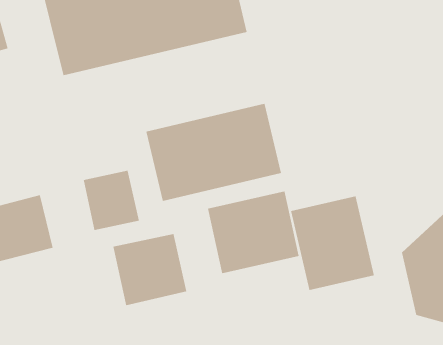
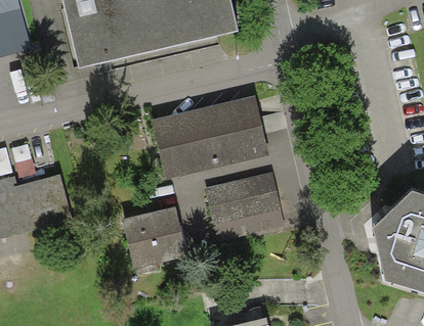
building: [83,170,139,231] -> none
building: [291,196,375,291] -> none

